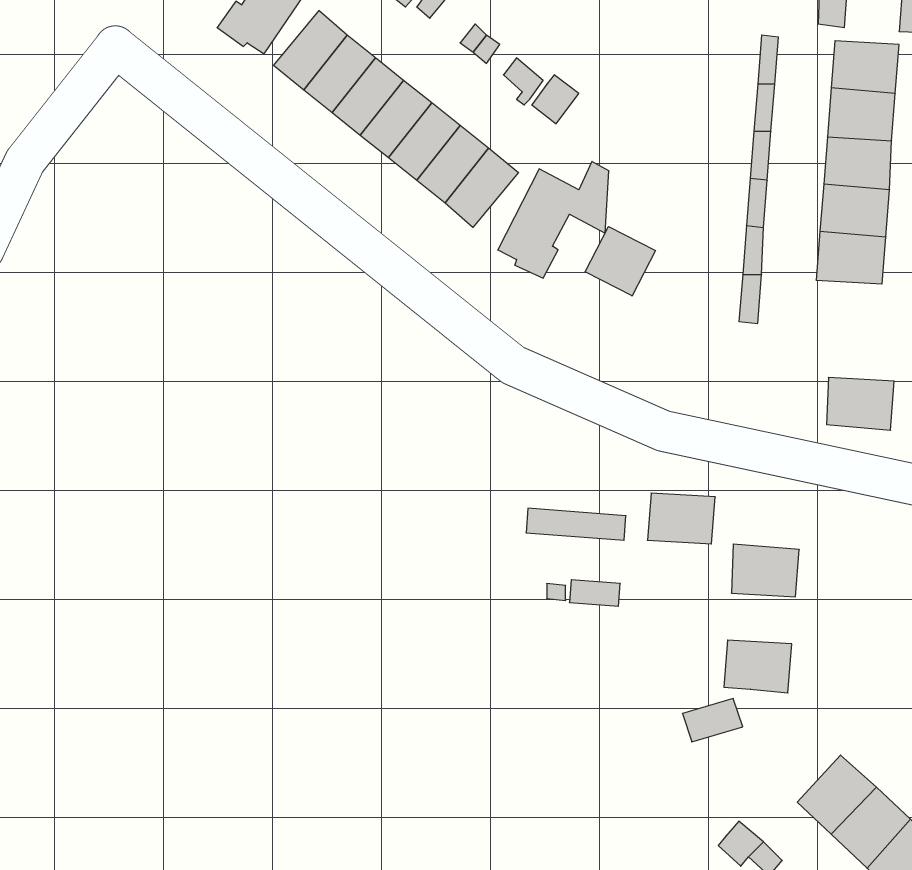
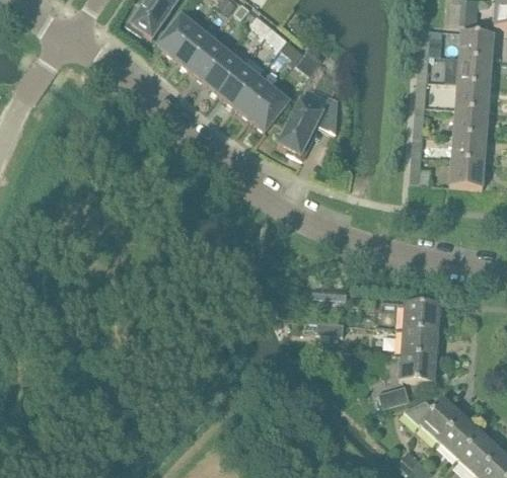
building: [585,227,655,296] -> none
building: [827,377,894,430] -> [448,159,485,187]
building: [647,493,715,544] -> [402,327,438,354]
building: none -> [404,397,462,440]

